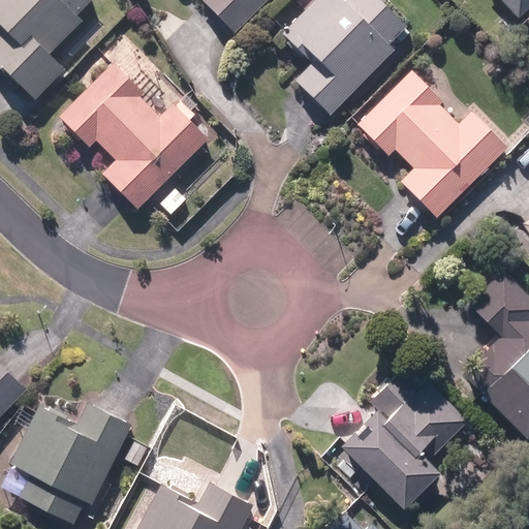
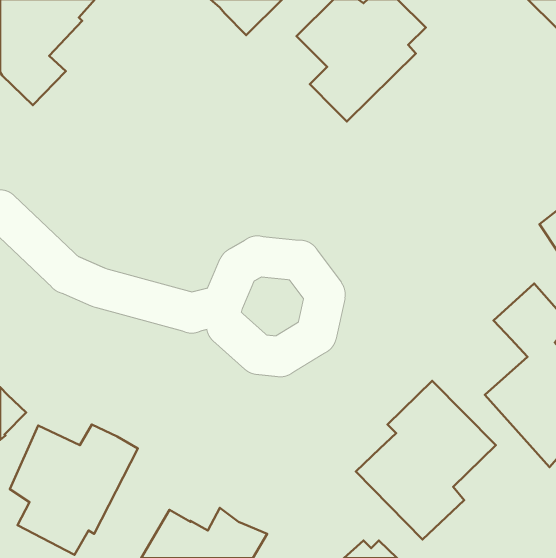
building: [59,62,211,210] -> none
building: [359,69,507,218] -> none

